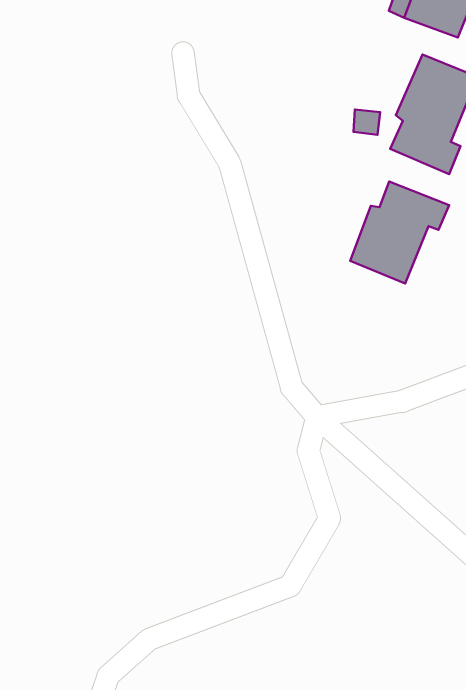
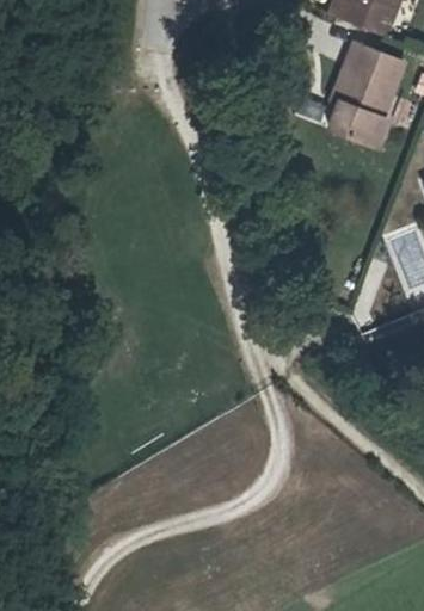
building: [350,182,449,283] -> none

